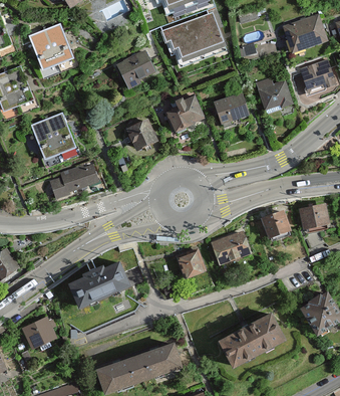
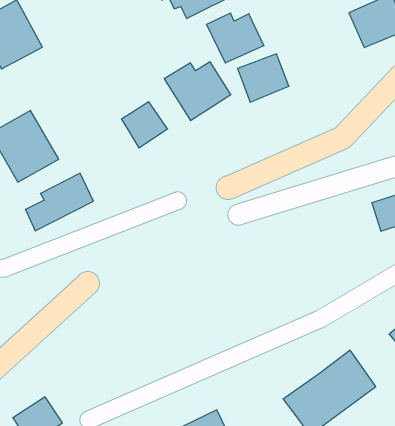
building: [116,51,155,88] -> none
building: [255,77,294,113] -> [207,13,264,63]
building: [261,210,290,241] -> none
building: [211,230,251,265] -> none
building: [175,248,205,279] -> none
building: [70,259,129,307] -> none

